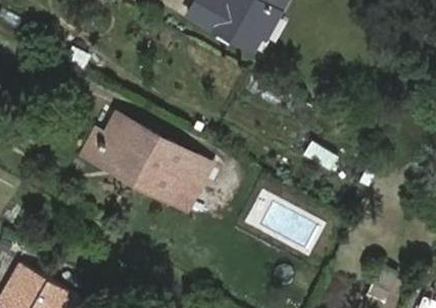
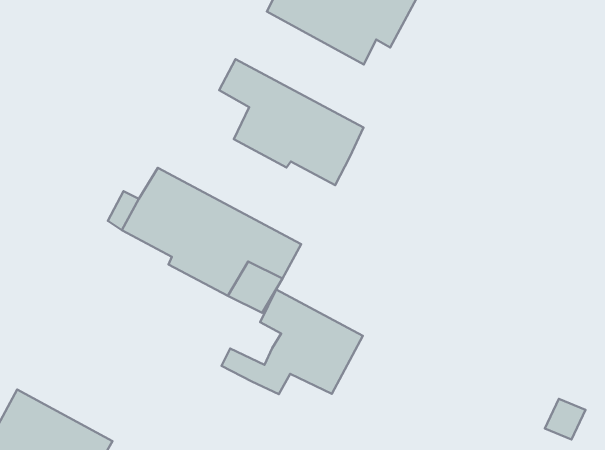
building: none -> [219,59,364,185]
building: none -> [221,290,363,394]

